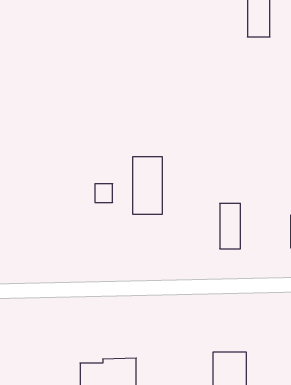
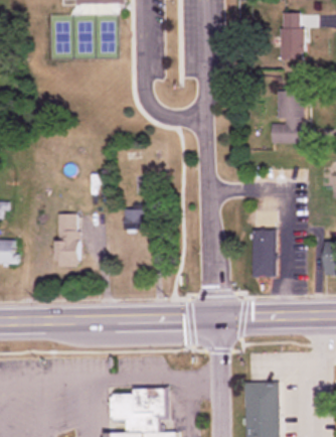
building: none -> [270,91,301,144]
building: [133,157,162,214] -> none
building: none -> [56,213,78,267]

